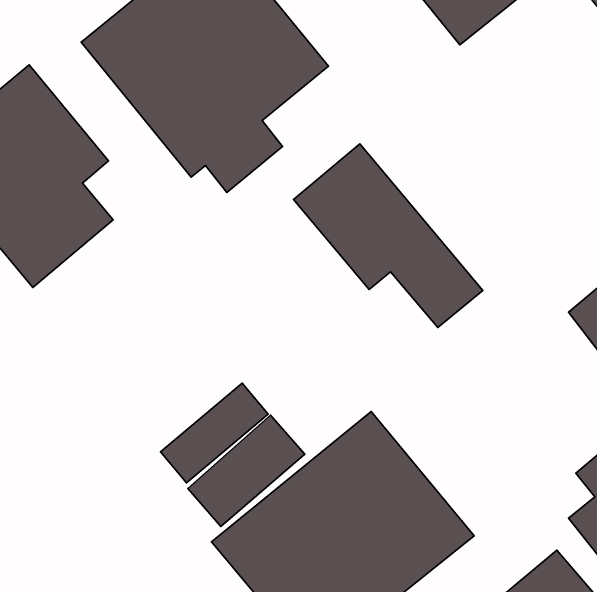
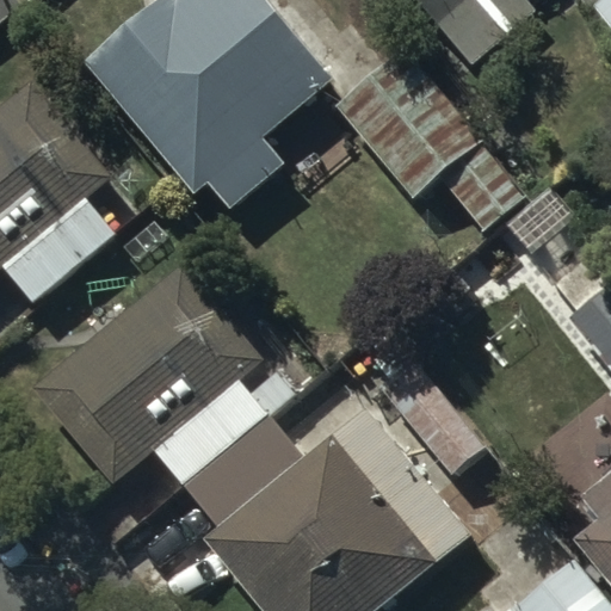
building: [294,144,483,327] -> [335,45,526,230]
building: none -> [39,279,269,500]

